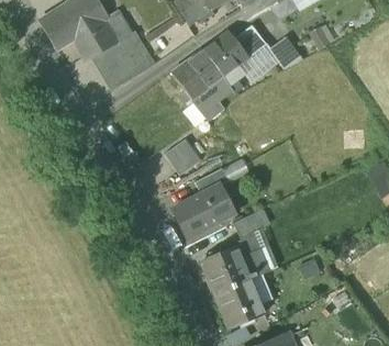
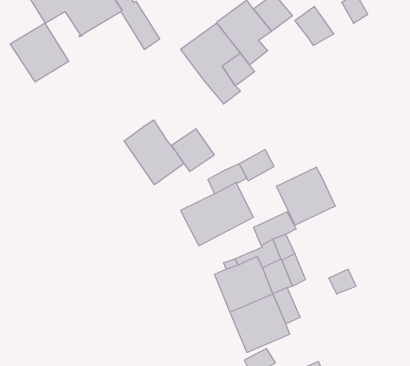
building: [91,41,141,90] -> [10,23,69,82]
building: [237,44,279,83] -> none
building: none -> [124,120,184,185]
building: none -> [276,167,335,225]

